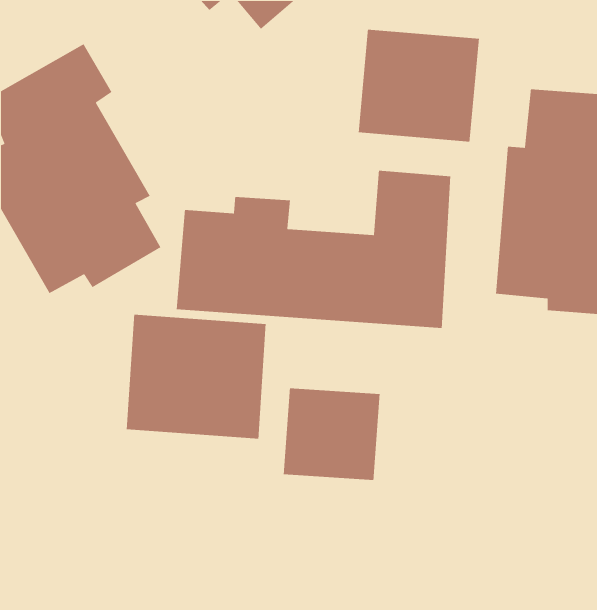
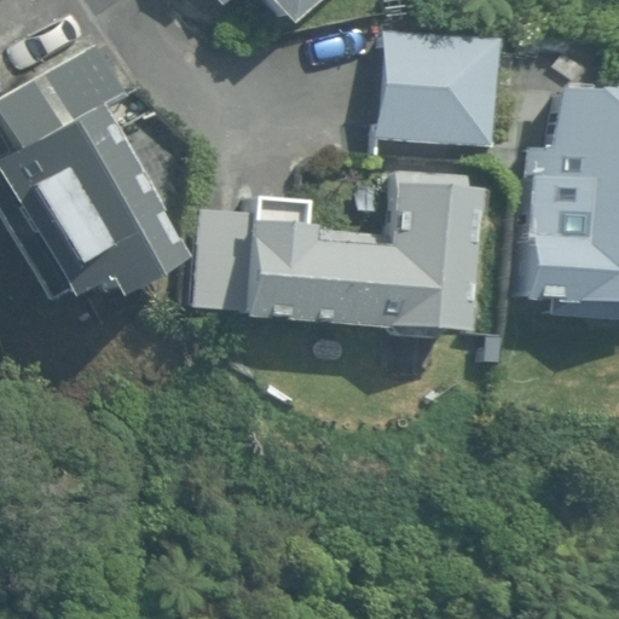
building: [126,314,267,439] -> none
building: [283,387,380,481] -> none

